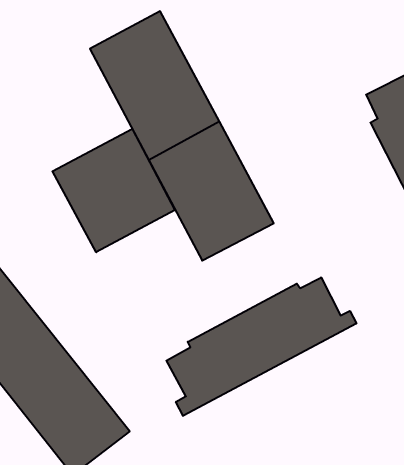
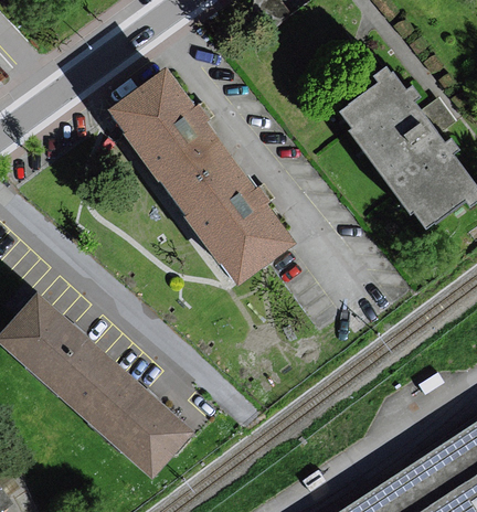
building: [52,129,175,252] -> none
building: [166,277,356,416] -> none

